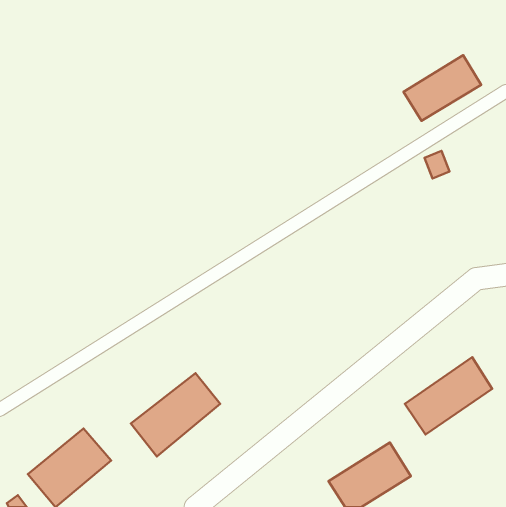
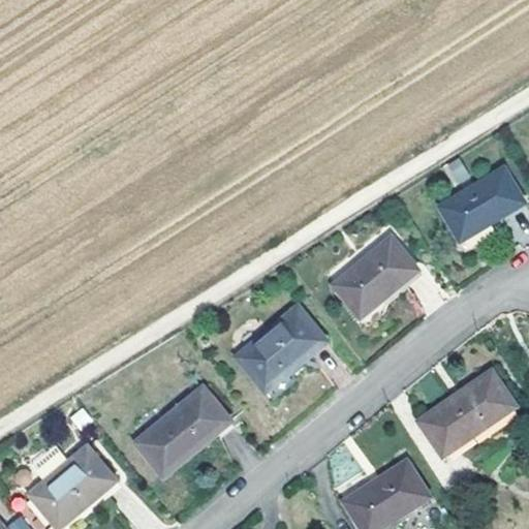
building: [404,55,481,121] -> [441,169,522,238]
building: none -> [334,238,415,317]
building: none -> [240,309,323,388]

